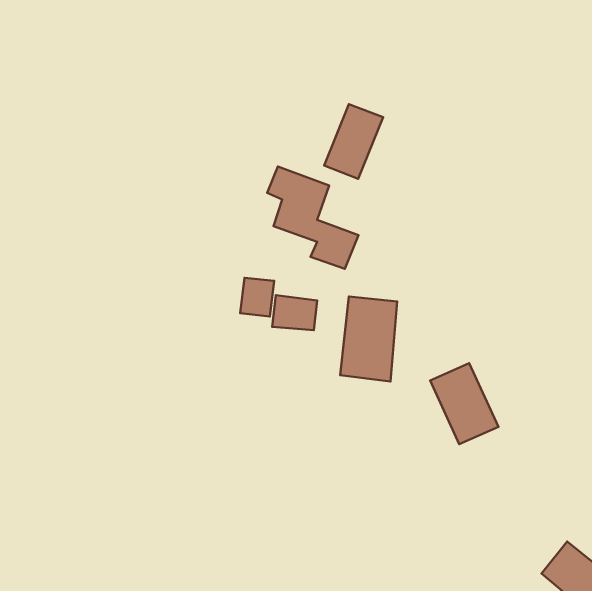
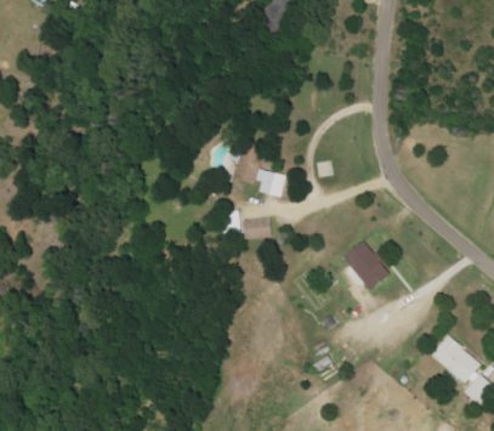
building: [324,104,383,179] -> none
building: [340,296,397,381] -> none

